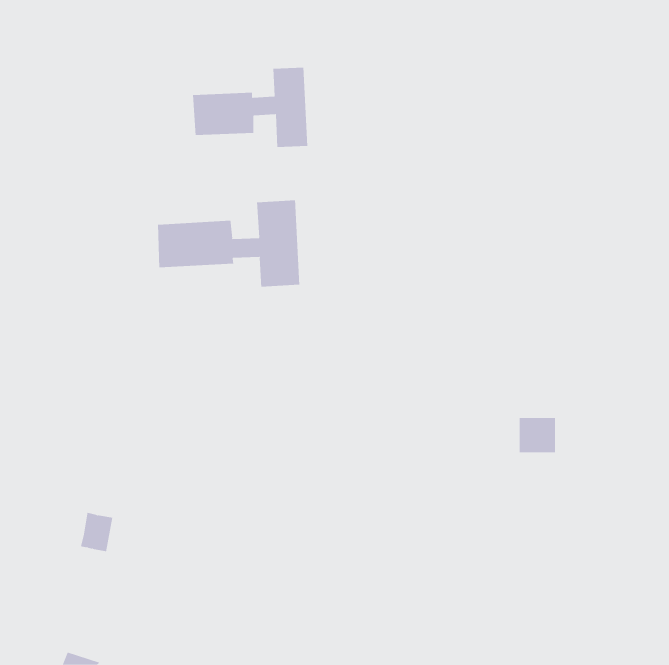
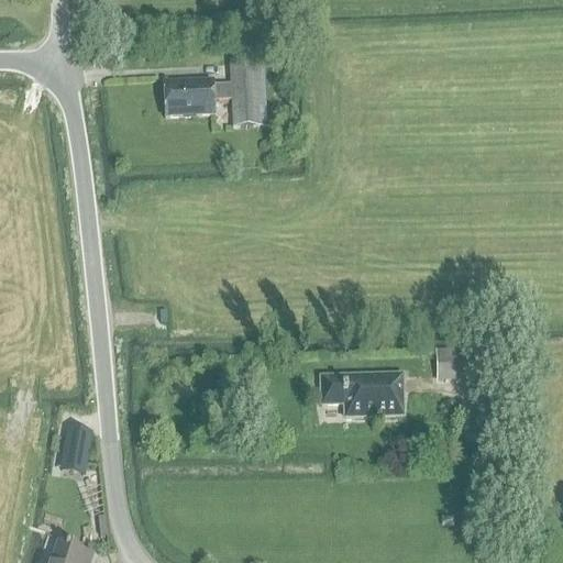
building: [157,200,300,287] -> none
building: none -> [322,372,404,413]

